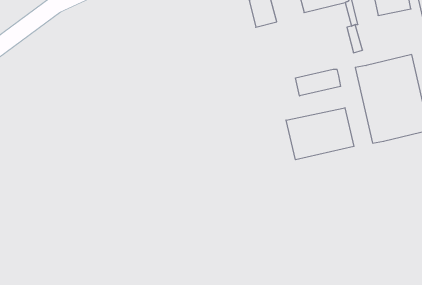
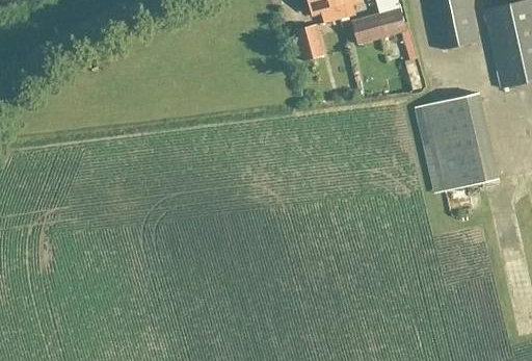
building: [296,69,341,96] -> none
building: [286,108,354,160] -> none

